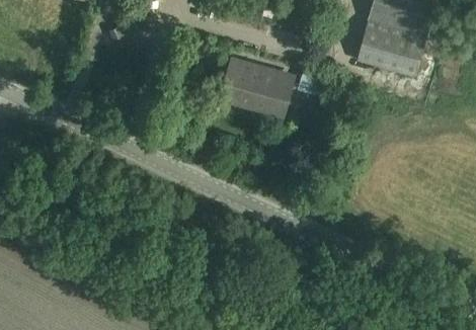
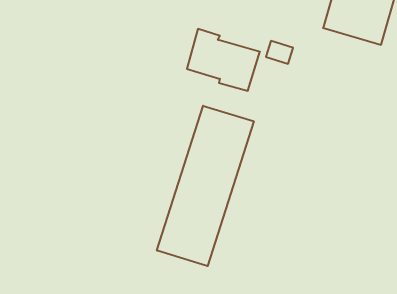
building: none -> [157,106,254,266]

